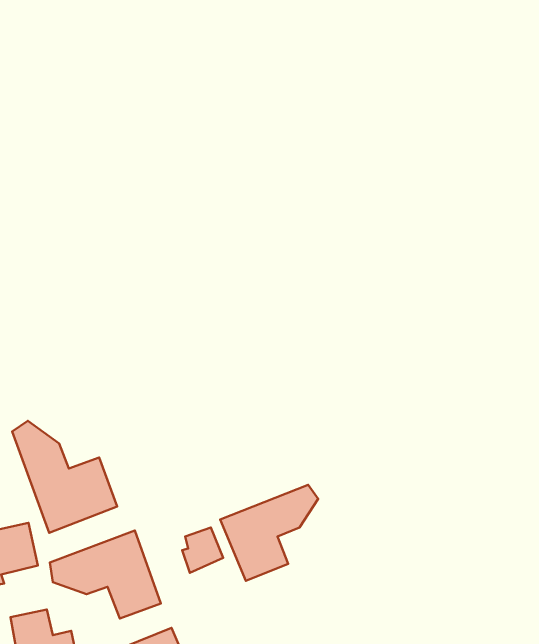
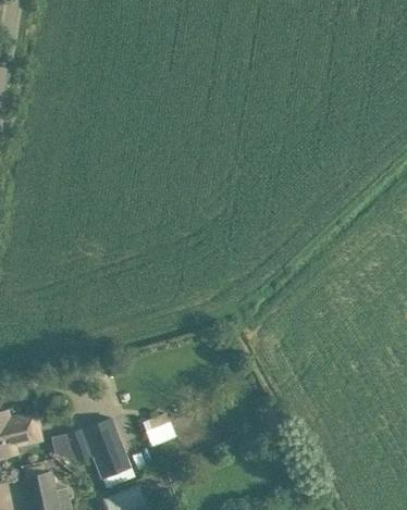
building: [12,421,117,533] -> none
building: [220,485,318,581] -> none

